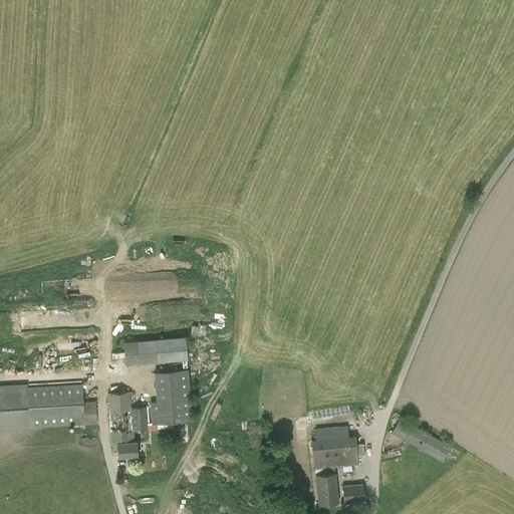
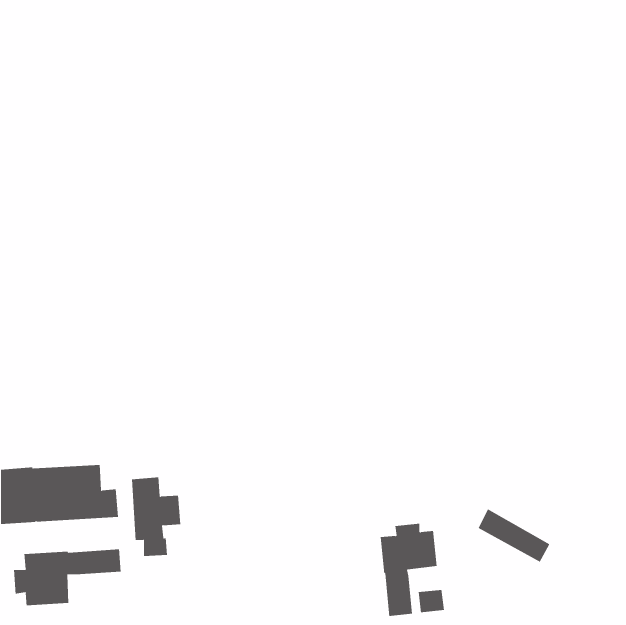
building: [123,337,188,365] -> none
building: [150,369,193,425] -> none
building: none -> [13,548,121,606]

